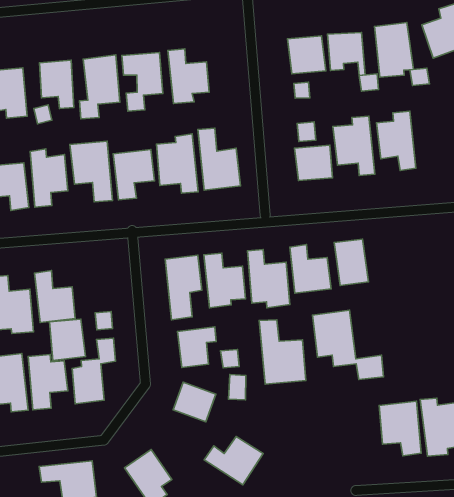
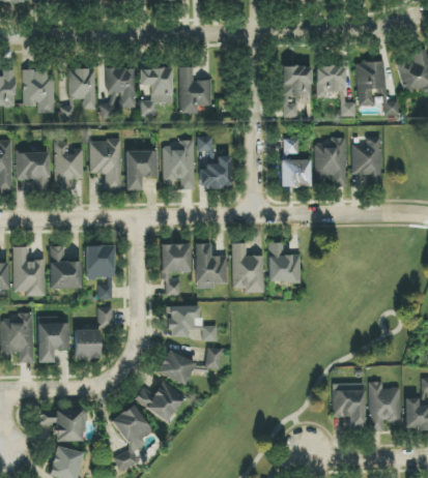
building: [334,239,368,285] -> none
building: [313,310,384,379] -> none
building: [50,319,85,361] -> [86,245,114,278]
building: [259,320,306,384] -> none
building: [204,436,263,485] -> [135,381,186,422]

